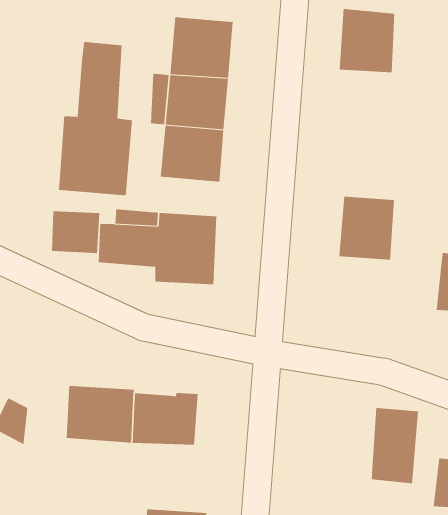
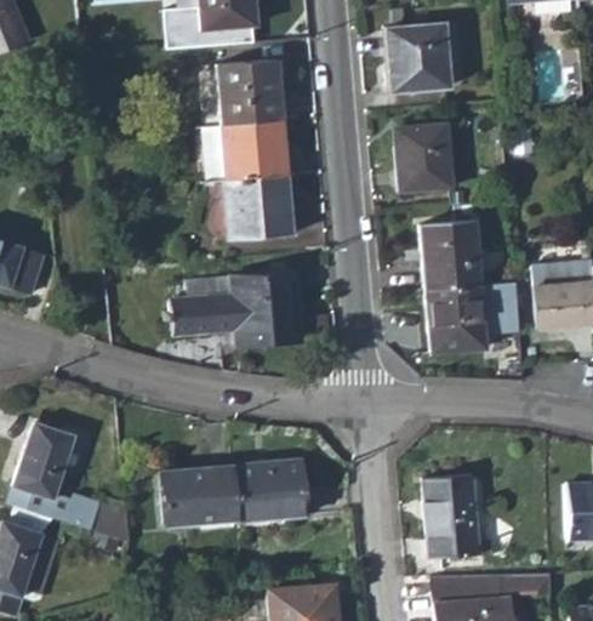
building: [58,41,133,196] -> none
building: none -> [394,123,454,189]
building: [51,211,100,254] -> none
building: none -> [426,281,520,352]
building: [371,408,419,484] -> [426,475,478,556]

